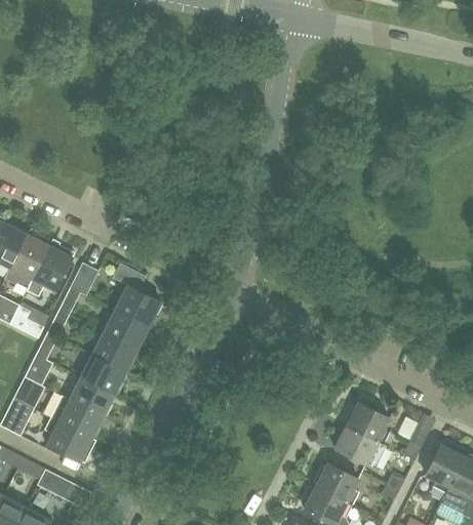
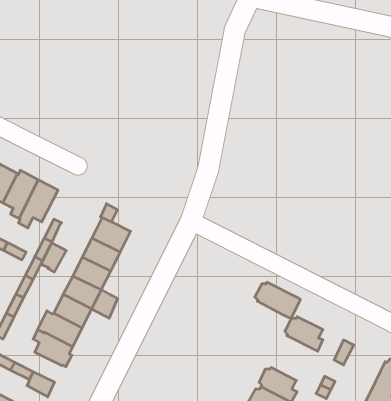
building: [70,262,100,297] -> [41,243,66,272]
building: none -> [92,290,118,318]
building: [332,427,387,470] -> [255,282,300,318]
building: [426,443,464,493] -> none

